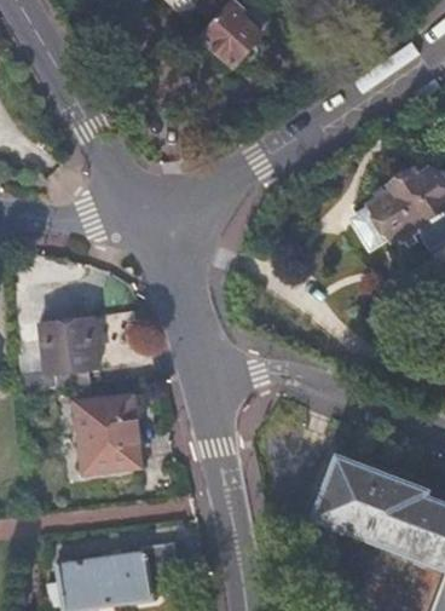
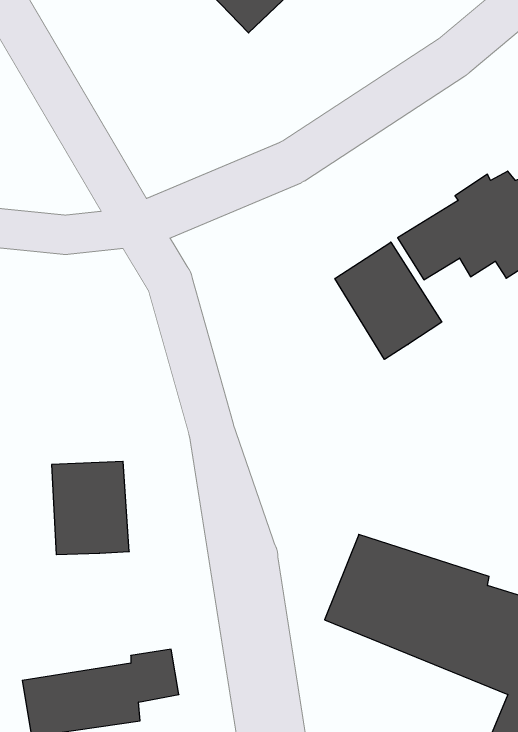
building: none -> [335,242,442,359]
building: [45,323,98,388] -> none

